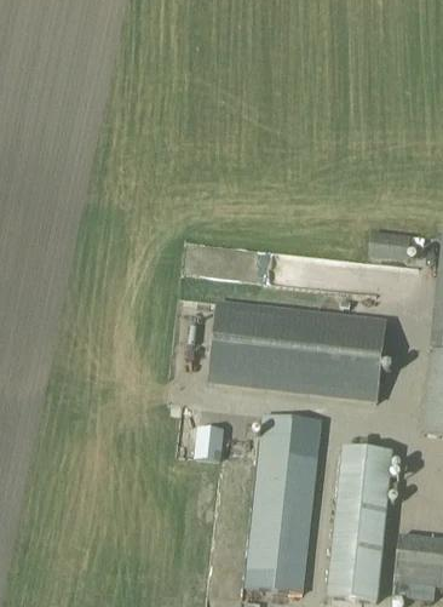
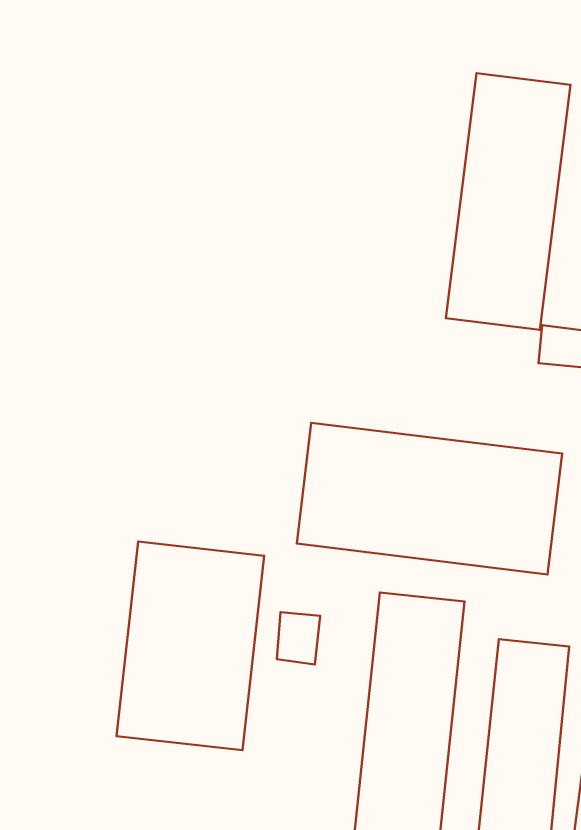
building: none -> [446,73,570,330]
building: none -> [117,542,264,750]

